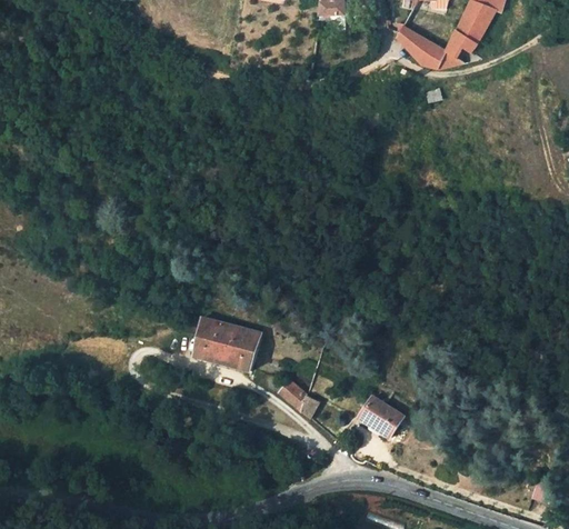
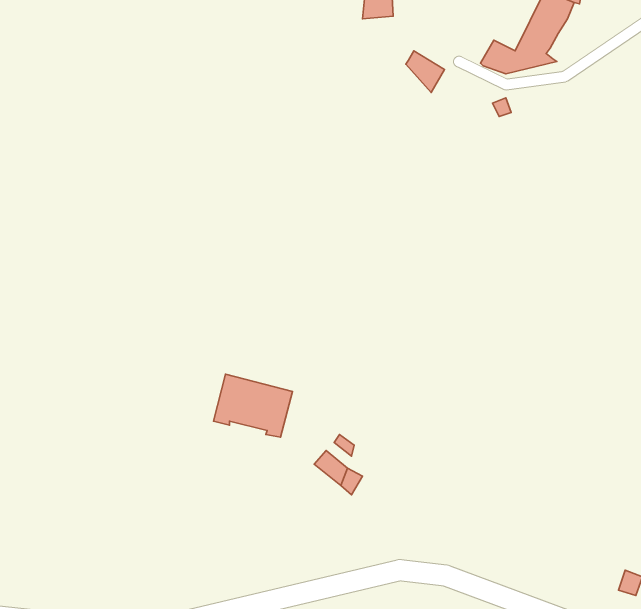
building: [395,24,427,59] -> [406,51,445,92]
building: [359,396,402,436] -> none

